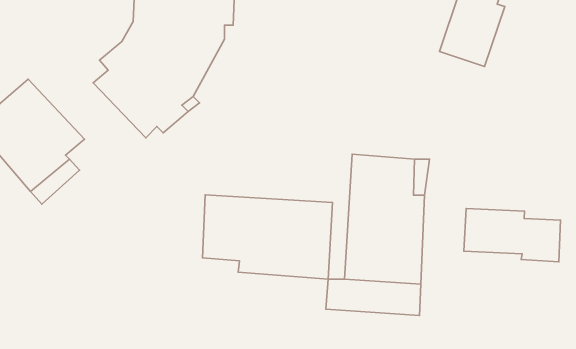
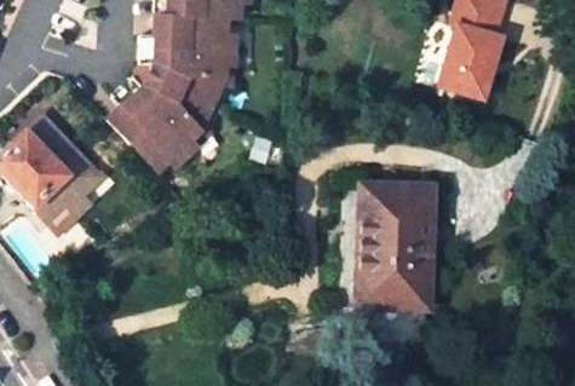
building: [203,195,332,279] -> none
building: [464,208,560,262] -> none

